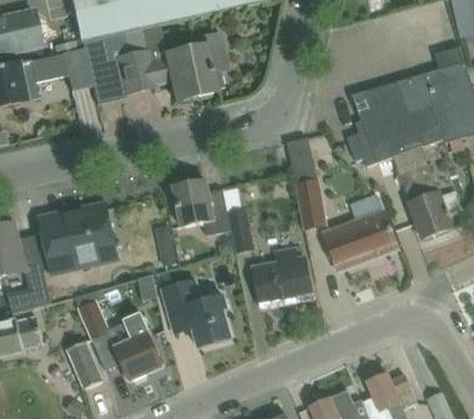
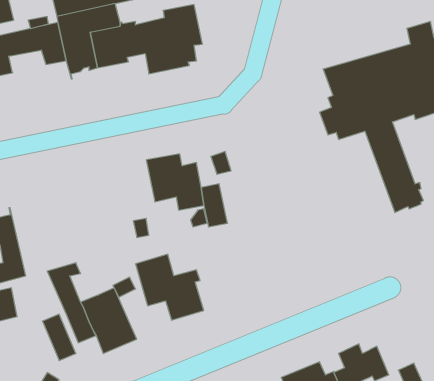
building: [286,136,325,230] -> none
building: [325,193,397,268] -> none
building: [37,205,118,276] -> none
building: [253,249,313,307] -> none

